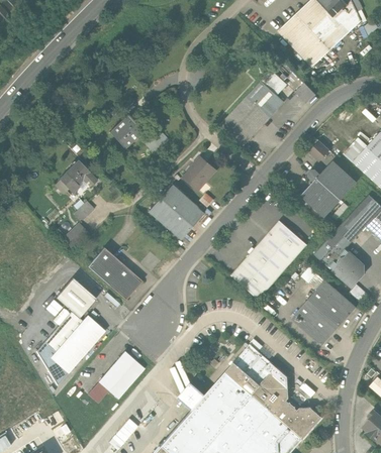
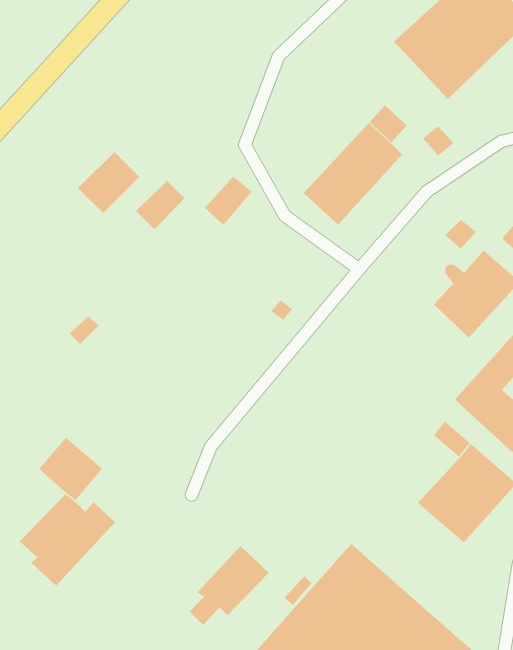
building: [58,158,97,198] -> [77,151,140,214]
building: [184,160,214,192] -> [204,176,253,226]
building: [147,185,201,238] -> none
building: [229,218,305,297] -> none
building: [89,251,136,298] -> none
building: [90,354,140,405] -> [189,545,269,626]

